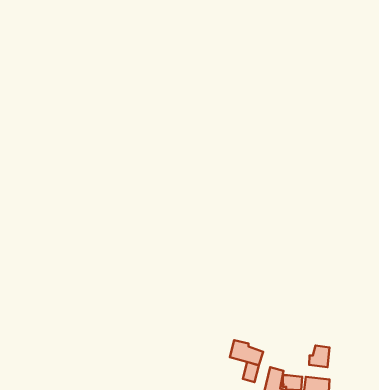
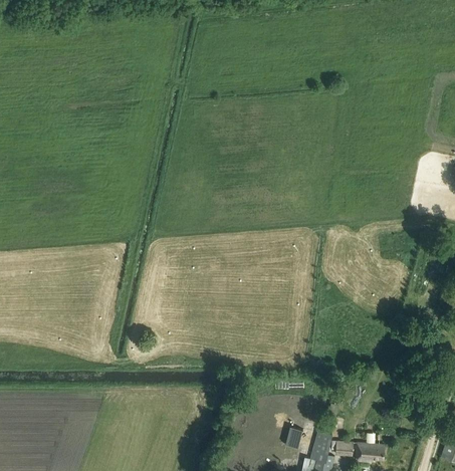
building: [230,340,263,365] -> none
building: [309,346,330,367] -> none

